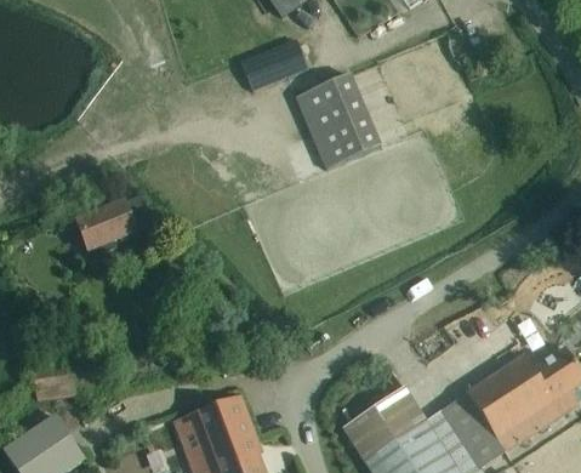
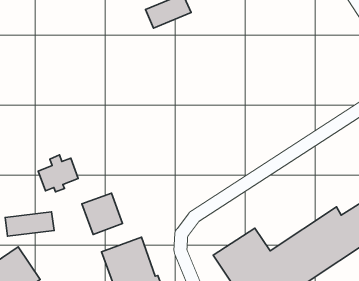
building: [296,73,380,167] -> none
building: [75,195,135,250] -> [38,155,78,192]
building: none -> [82,193,122,234]

